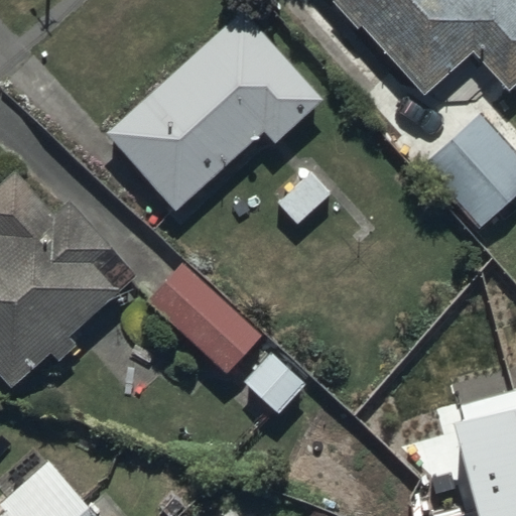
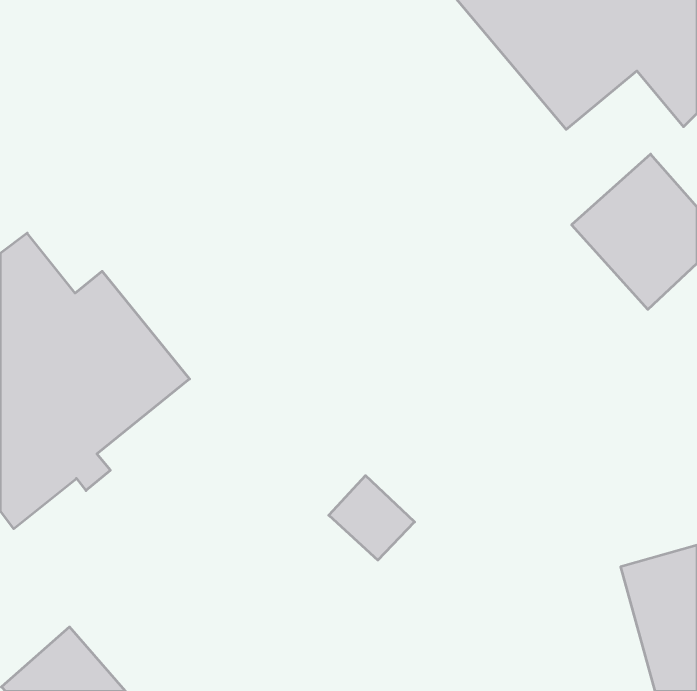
building: [107,13,320,210] -> none
building: [140,263,259,380] -> none

